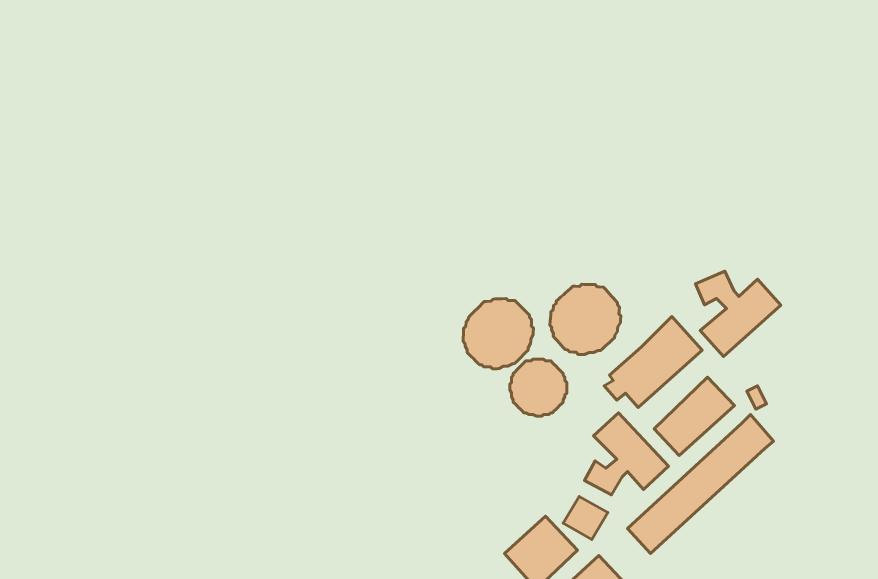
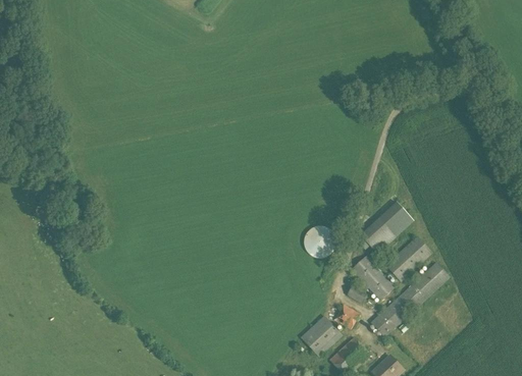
building: [696,271,781,357] -> none
building: [550,284,621,355] -> none
building: [463,299,533,369] -> none

